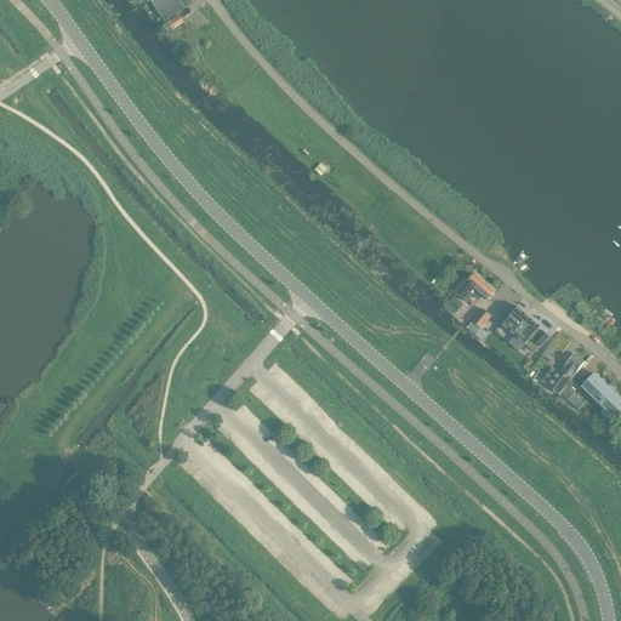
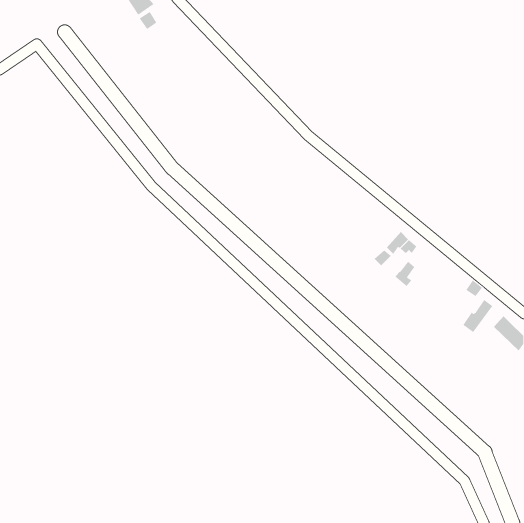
building: [500,306,548,344] -> none

